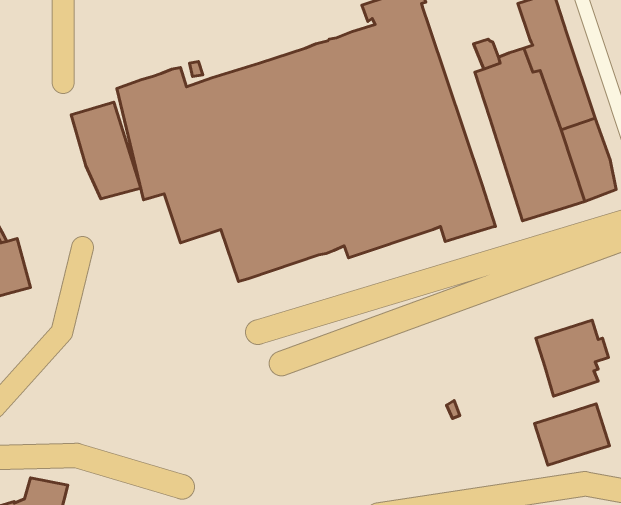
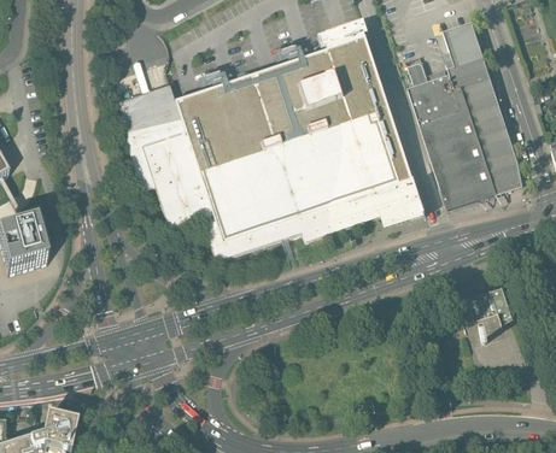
building: [71,102,141,199] -> none
building: [535,404,609,465] -> none

